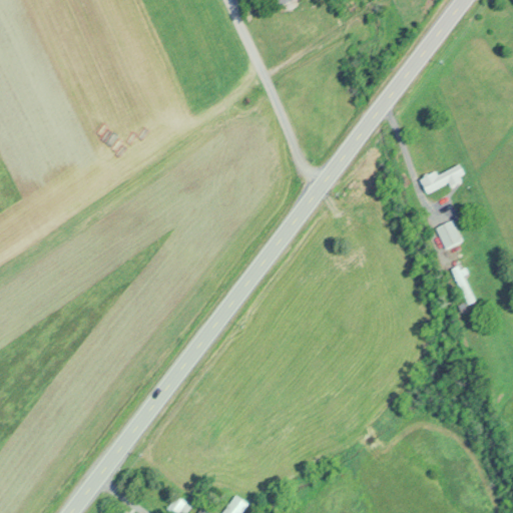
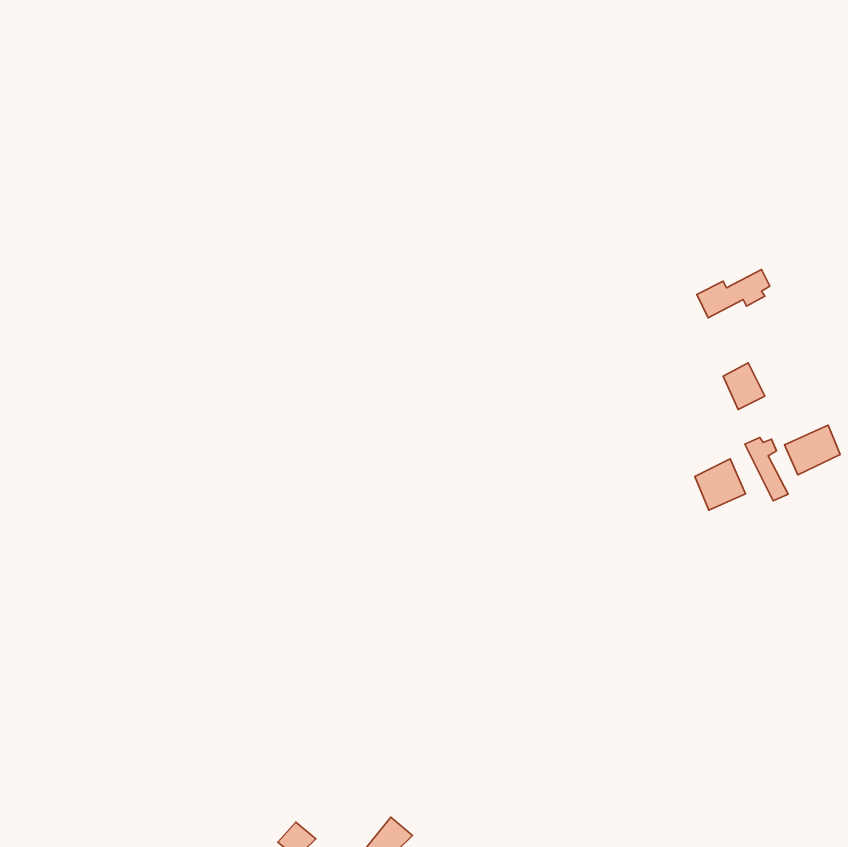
building: none -> [785,425,840,475]
building: none -> [695,459,746,510]

